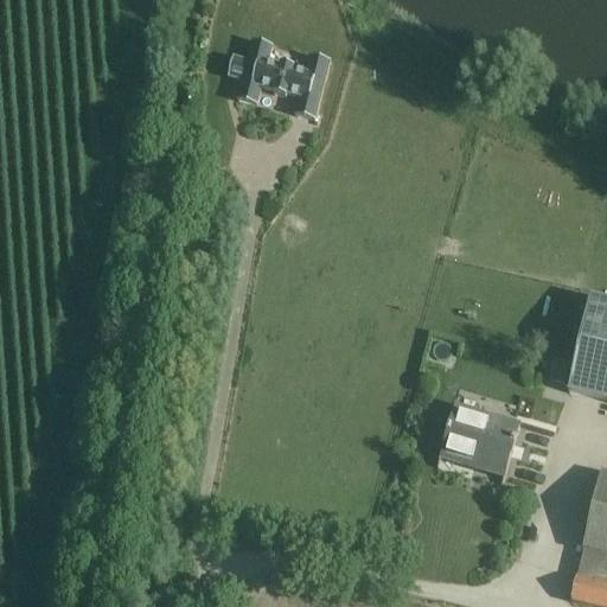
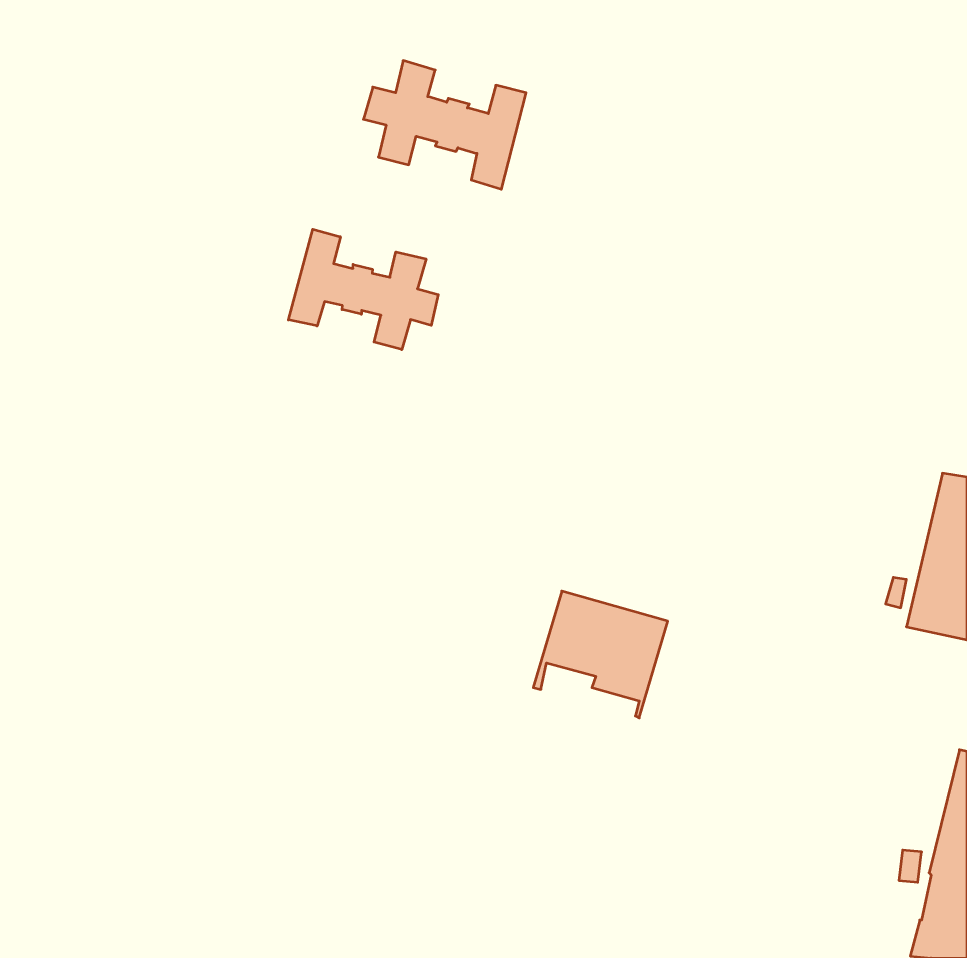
building: none -> [288,229,438,350]
building: [435,404,519,484] -> [533,591,668,718]

